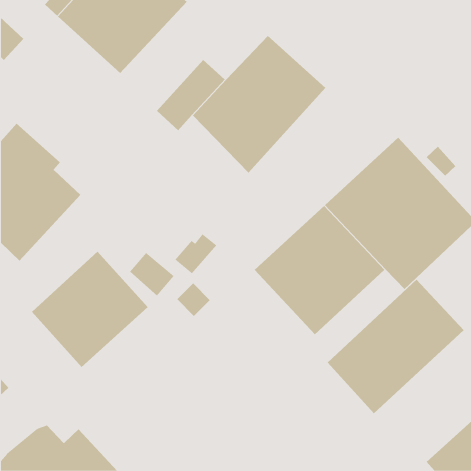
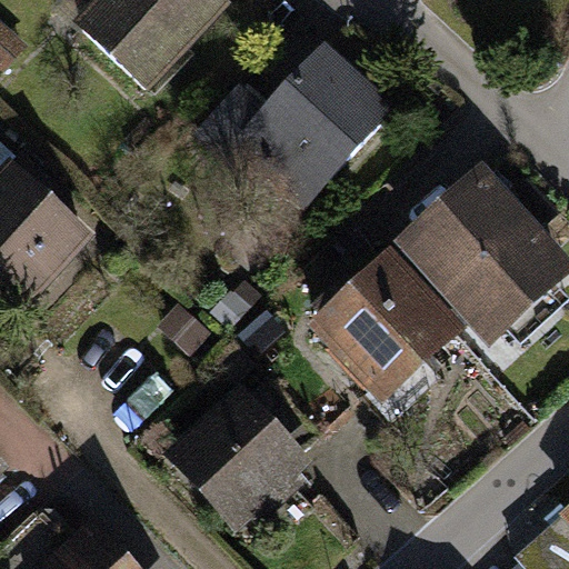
building: [31,251,149,368] -> none
building: [327,279,464,414] -> none
building: none -> [163,387,309,530]

